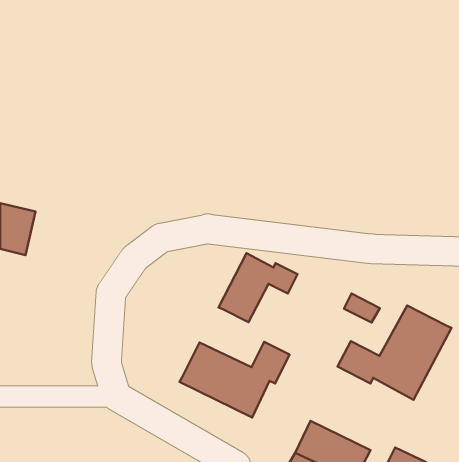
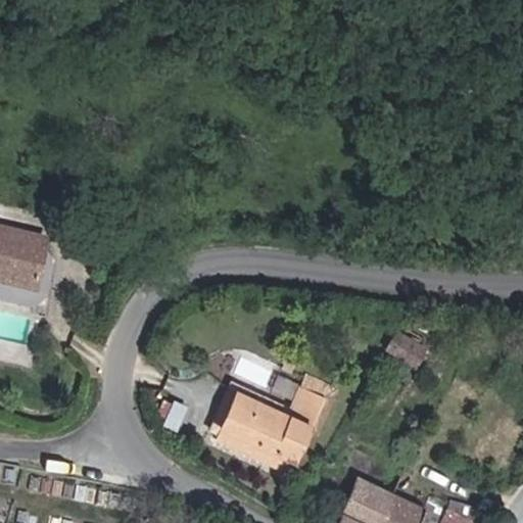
building: [219,253,297,322] -> none
building: [338,305,452,400] -> none

